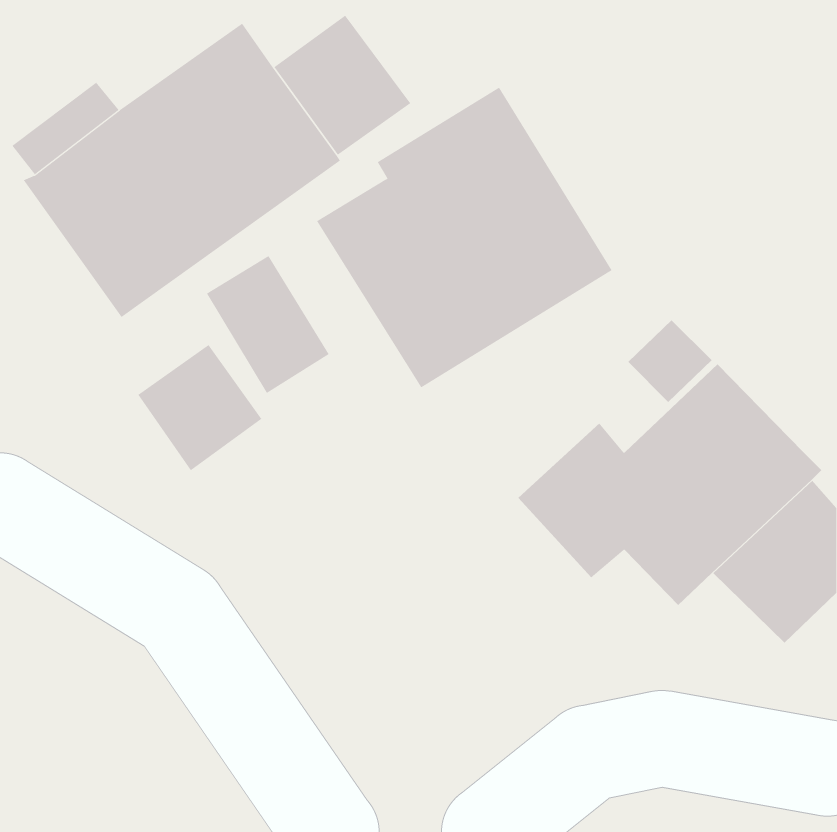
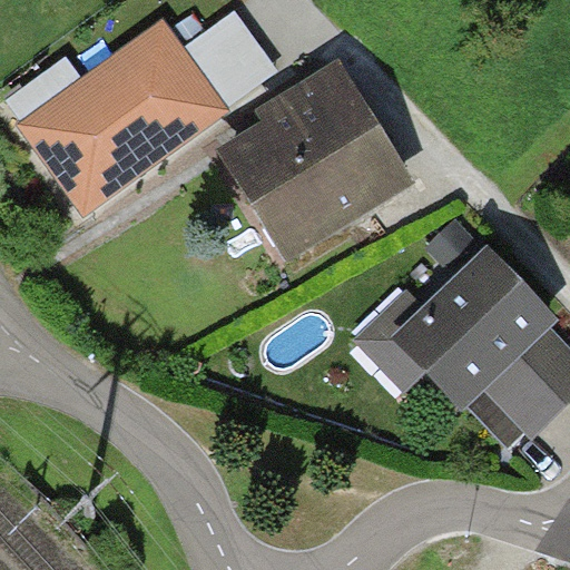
building: [206,255,329,394] -> none
building: [138,344,262,471] -> none

